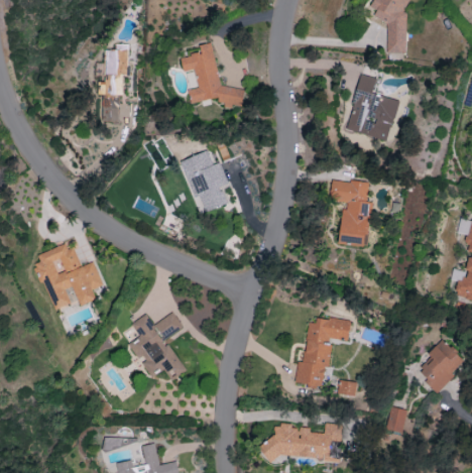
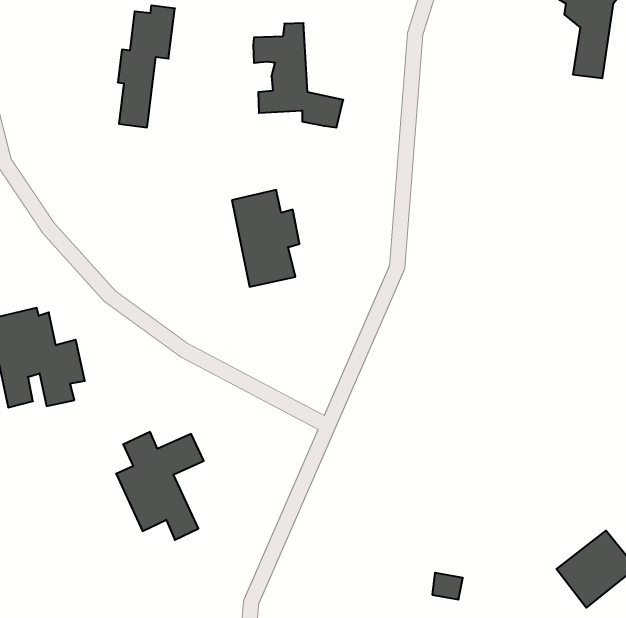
building: [345,74,399,141] -> none
building: [330,180,371,246] -> none
building: [294,317,350,387] -> none

